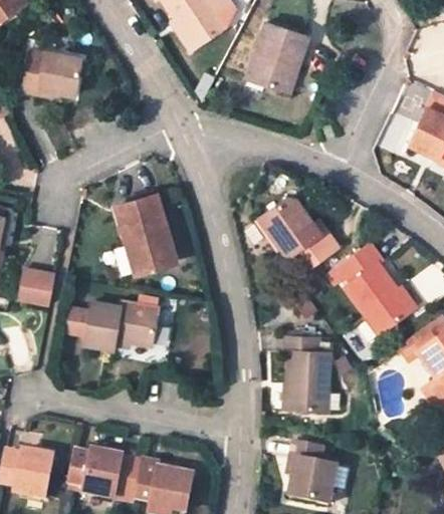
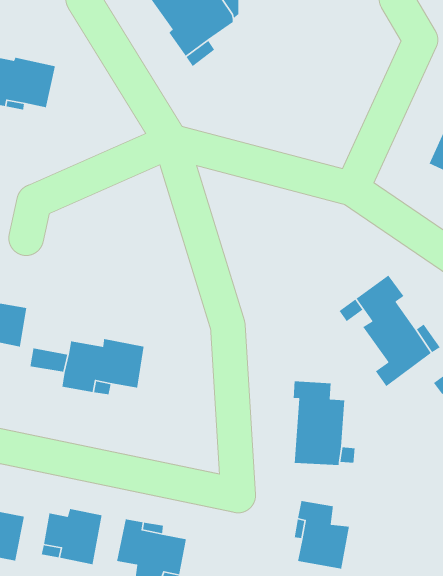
building: [247,24,308,94] -> none
building: [114,192,170,271] -> none
building: [260,197,338,276] -> none

